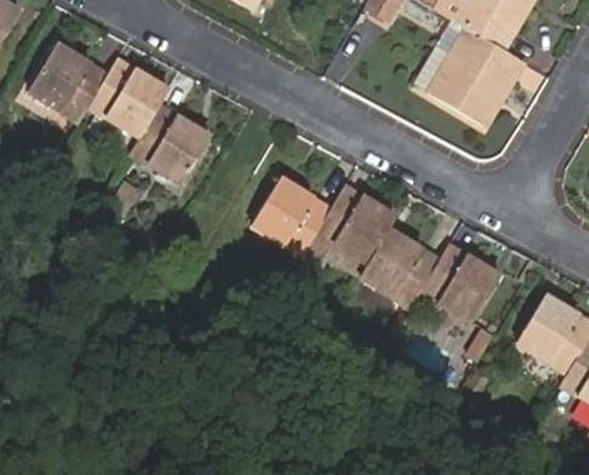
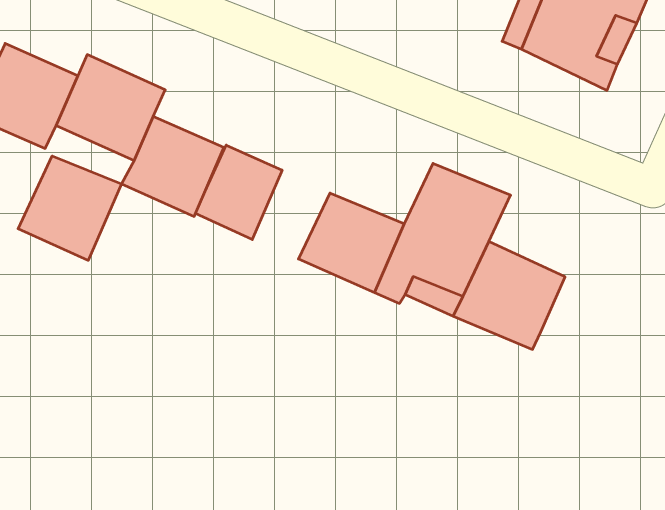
building: none -> [18,156,122,260]
building: none -> [196,145,282,240]
building: [421,246,498,322] -> none

